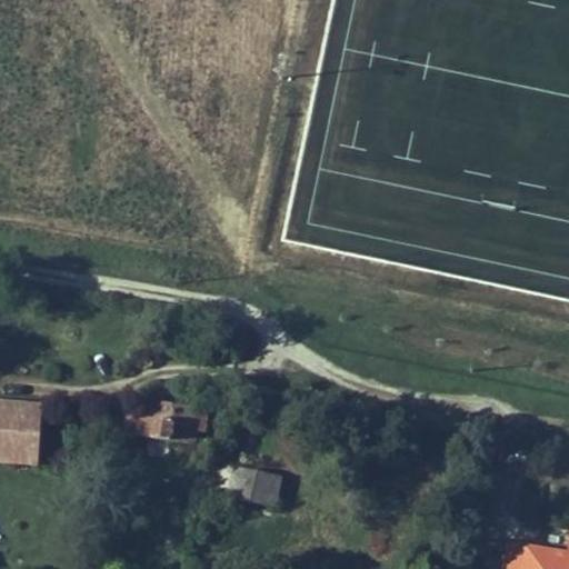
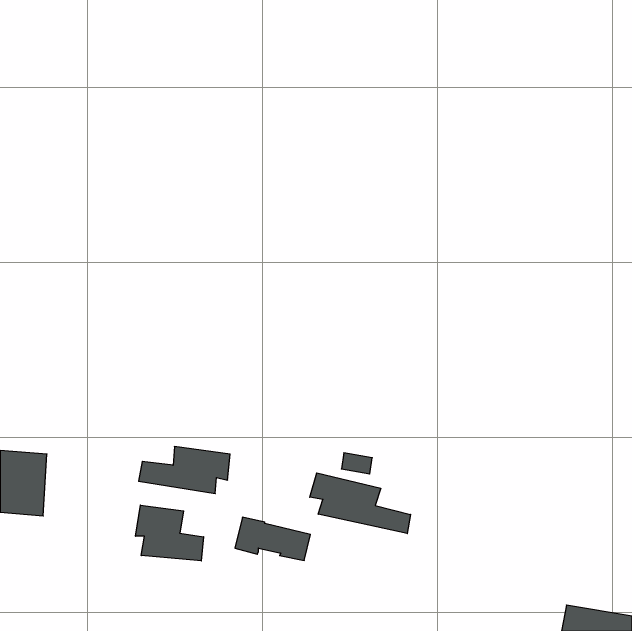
building: none -> [310,473,411,534]
building: none -> [136,505,204,561]

